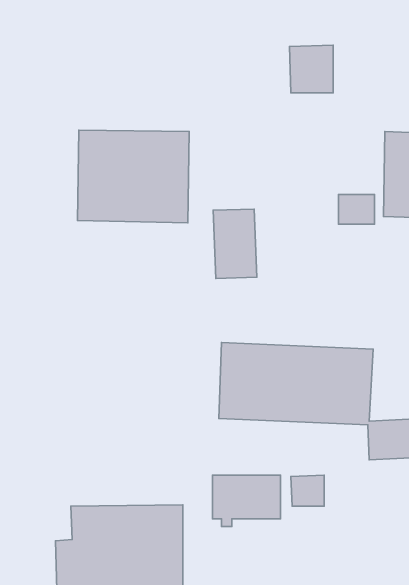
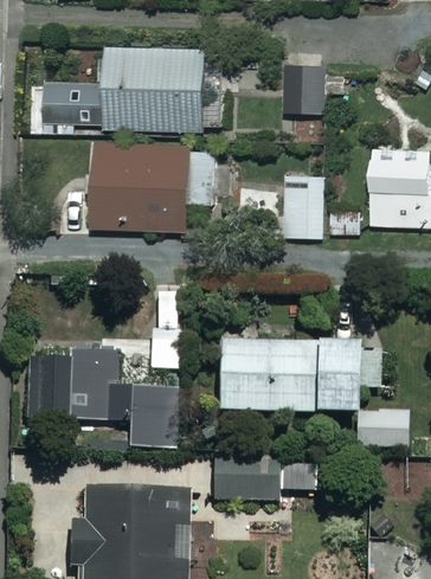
building: none -> [107,47,207,129]
building: none -> [46,81,99,124]
building: [213,209,257,279] -> [285,173,326,237]
building: none -> [30,349,179,448]

